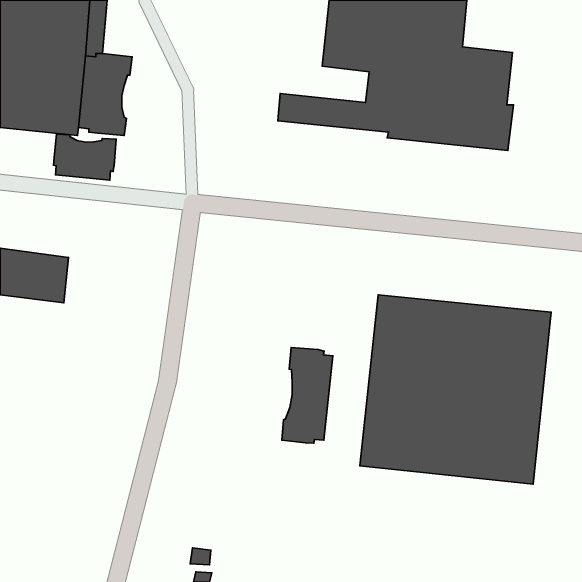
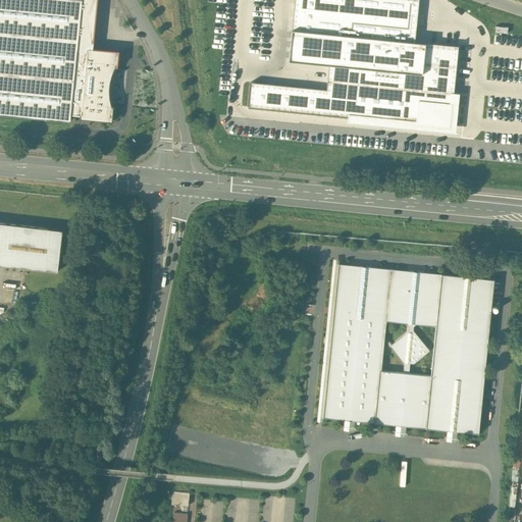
building: [54,134,116,180] -> none
building: [282,347,333,443] -> none

